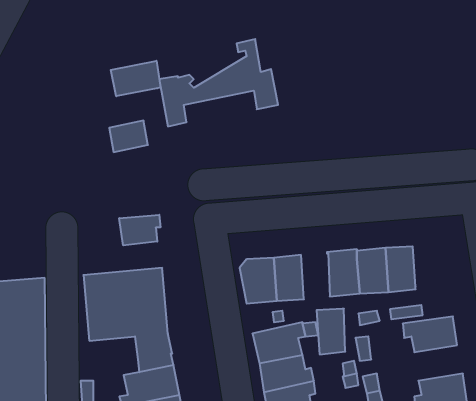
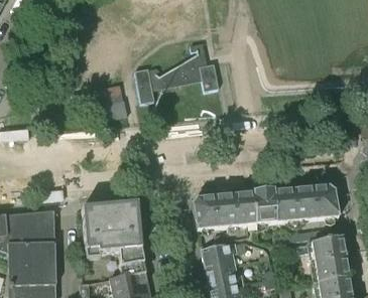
building: [111,61,161,96] -> none
building: [119,215,160,245] -> none
building: none -> [314,186,338,218]
building: [317,309,345,354] -> [235,193,255,226]
building: none -> [310,258,349,283]

